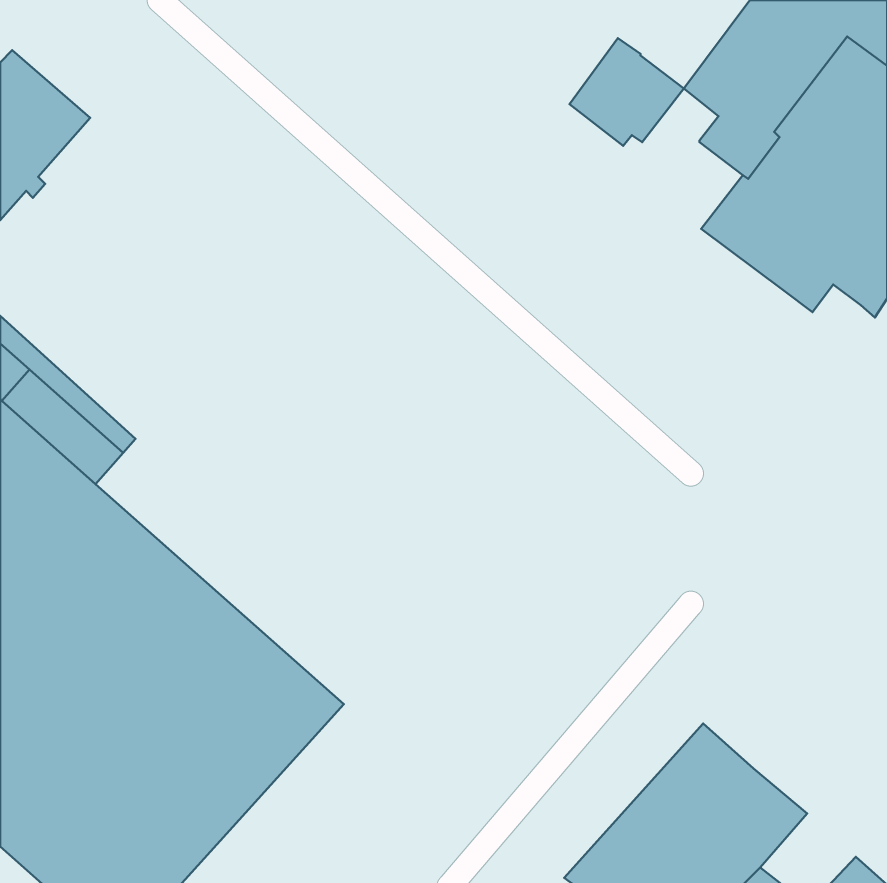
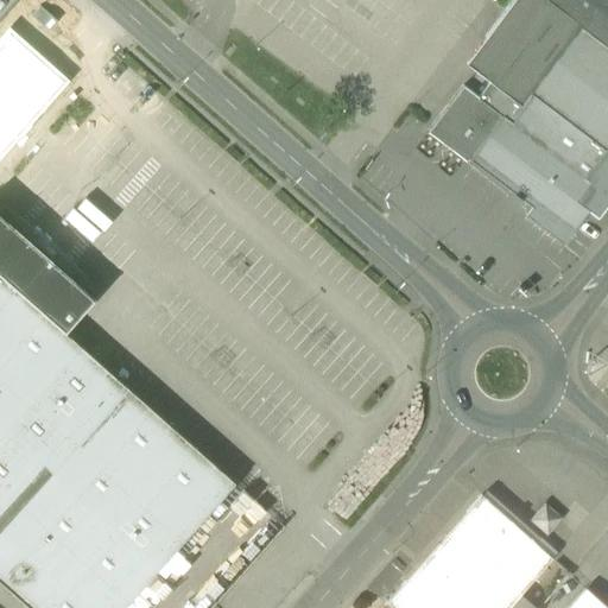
building: [569,38,684,146] -> [430,88,508,162]
building: none -> [525,197,589,243]

